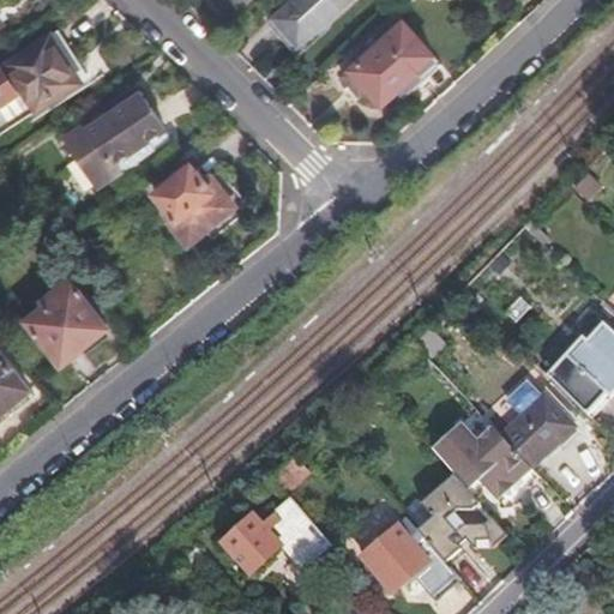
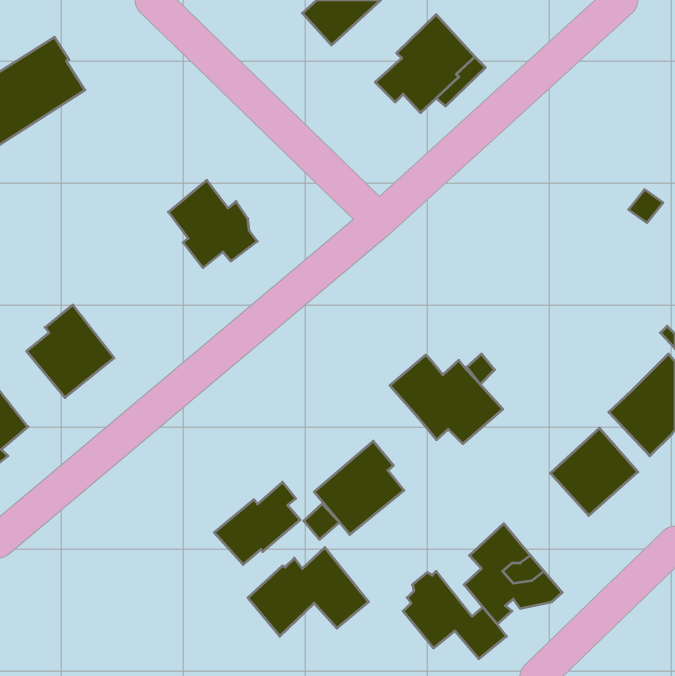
building: [59,92,161,194] -> none
building: none -> [314,441,404,535]
building: [431,419,532,499] -> [390,355,503,444]
building: none -> [214,482,300,565]

